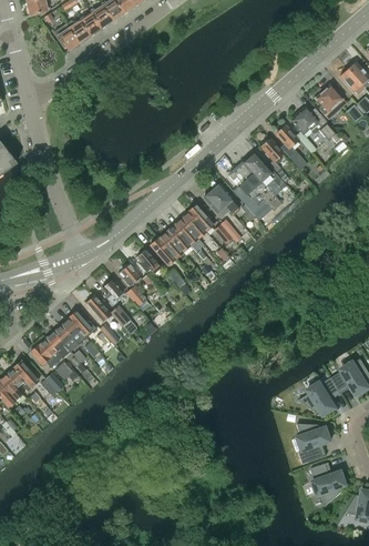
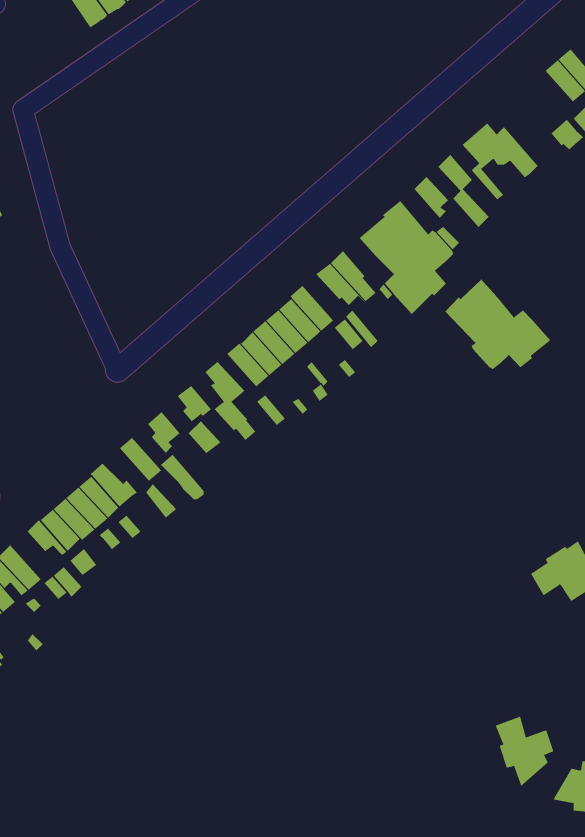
building: [315,84,347,120] -> none
building: none -> [444,278,551,370]
building: [298,377,339,415] -> none
building: [297,423,330,463] -> none

